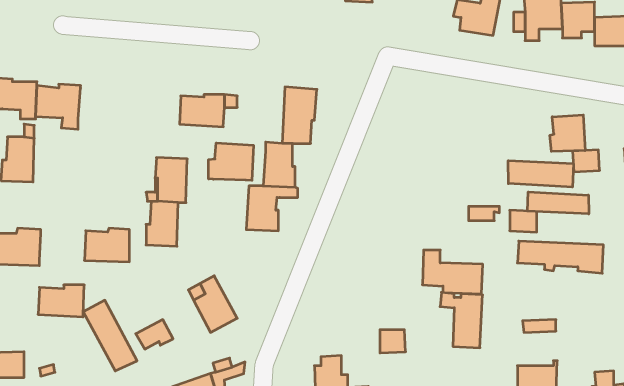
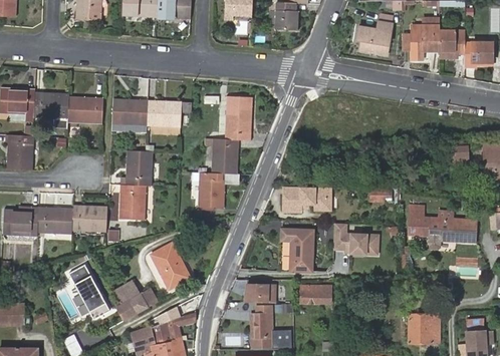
building: none -> [65,97,100,123]
building: none -> [110,99,146,132]
building: [550,115,585,151] -> none
building: [209,143,253,180] -> none
building: [508,161,573,187] -> none
building: [527,192,589,214] -> none
building: none -> [284,186,332,212]
building: [38,285,84,317] -> [35,209,71,234]
building: [440,292,483,348] -> [280,229,313,272]
building: none -> [243,285,273,304]
building: none -> [117,287,159,320]

